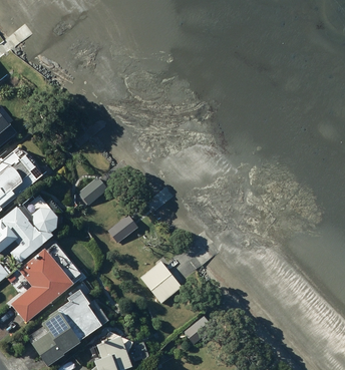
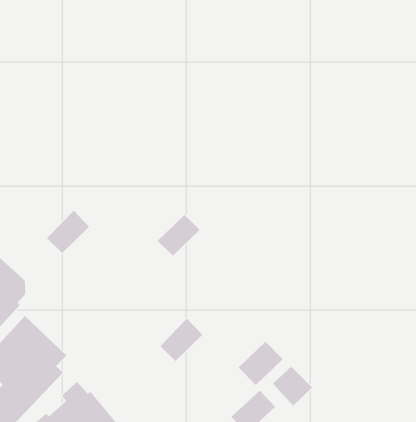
building: [105,215,135,242] -> [157,214,200,257]
building: [148,273,180,302] -> [238,341,283,386]
building: none -> [272,366,313,407]

